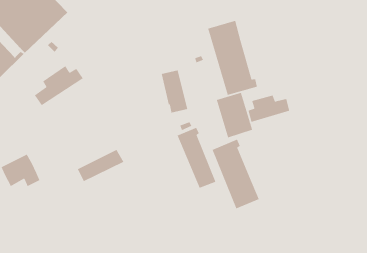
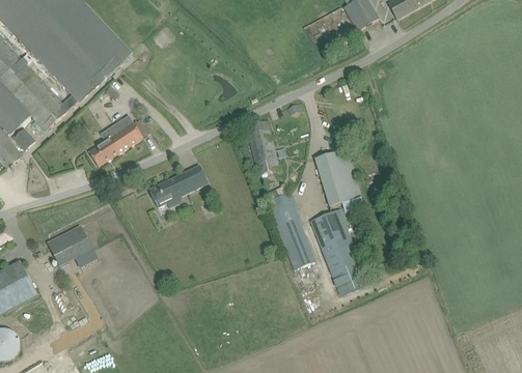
building: [207,20,258,96] -> none
building: [247,95,290,123] -> none
building: [77,149,124,182] -> [148,165,208,206]

